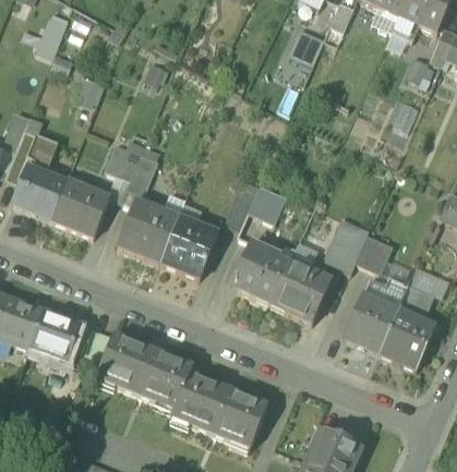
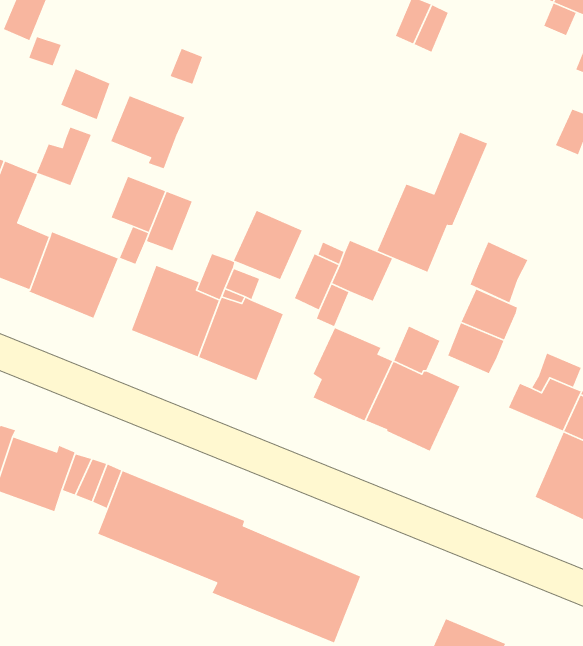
building: none -> [110,95,185,169]
building: none -> [36,127,92,186]
building: none -> [377,131,488,273]
building: none -> [233,210,303,280]
building: [356,232,394,273] -> [469,241,528,303]
building: [342,292,398,351] -> none

